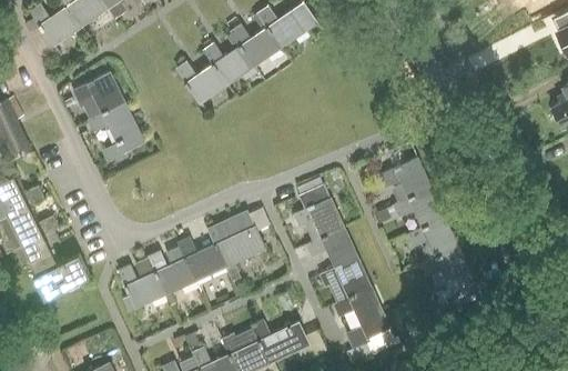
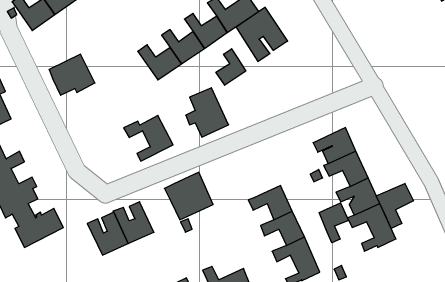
building: none -> [236,7,288,62]
building: none -> [216,49,246,85]
building: [87,107,144,160] -> [124,115,173,161]
building: [293,183,343,241] -> [186,88,229,137]
building: none -> [376,183,413,228]
building: [178,238,225,281] -> none
building: none -> [319,203,349,243]

